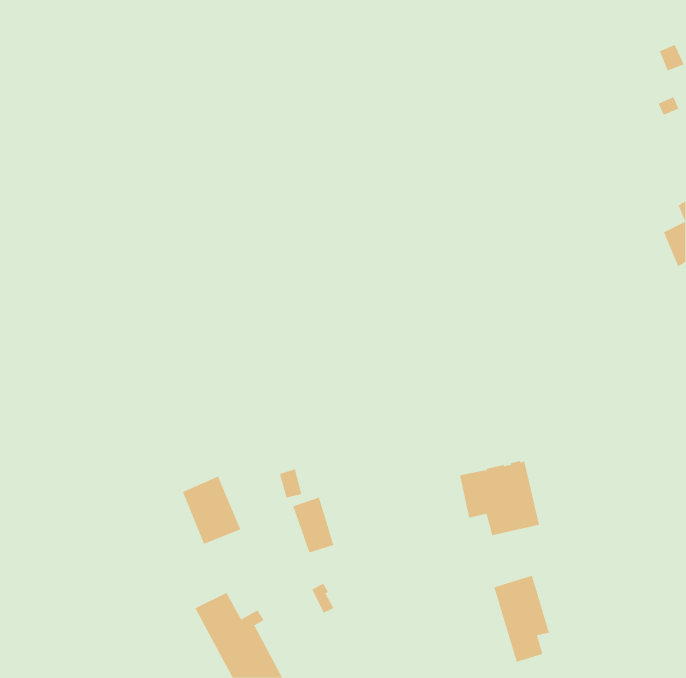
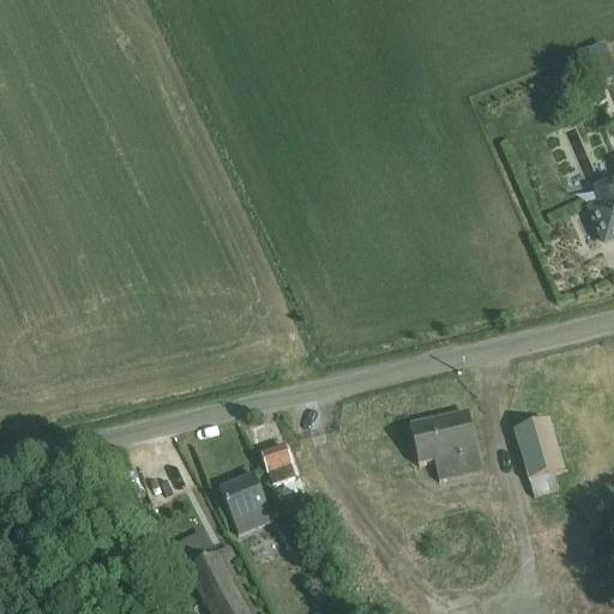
building: [182,476,241,544] -> [221,472,273,534]
building: [493,575,550,662] -> [514,417,565,495]

